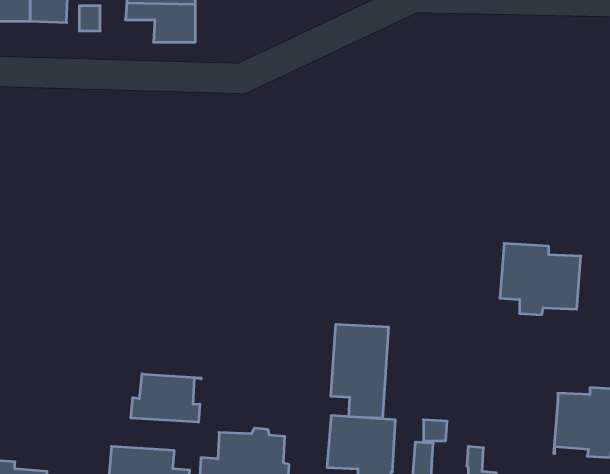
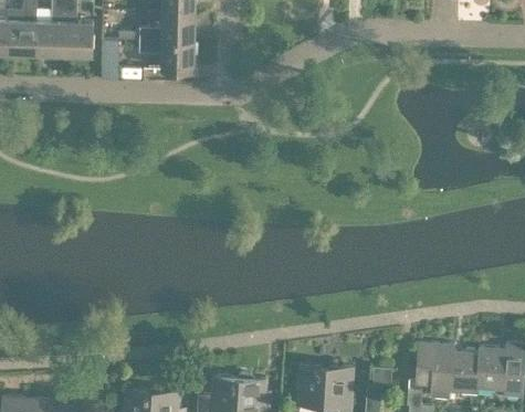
building: [500,243,581,315] -> [414,342,479,399]
building: [331,324,389,418] -> none
building: [131,374,201,422] -> none

